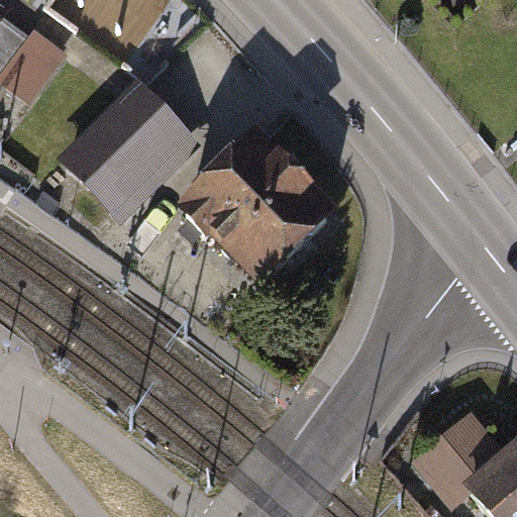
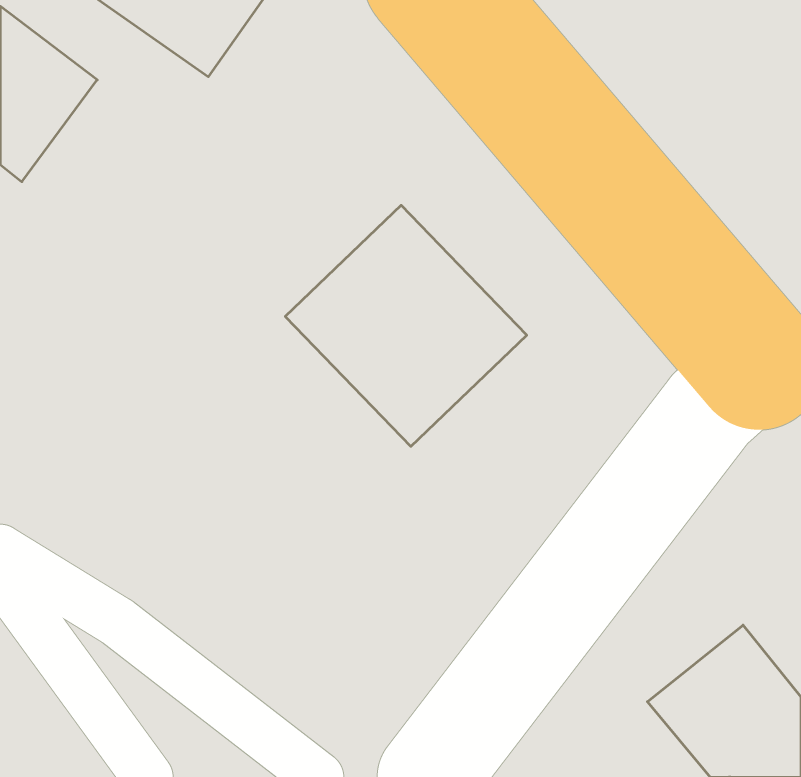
building: [66,93,173,199] -> none

